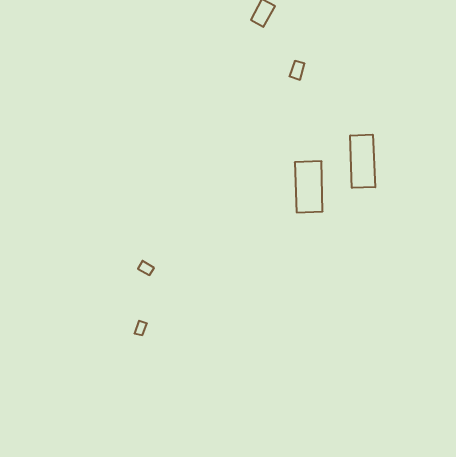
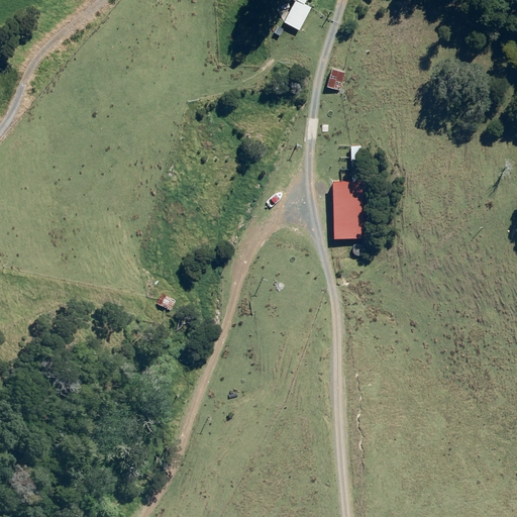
building: [350,135,375,188] -> none

